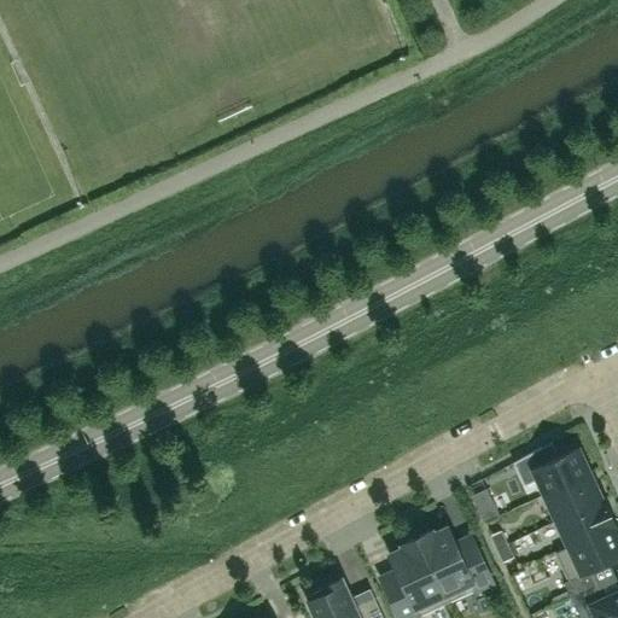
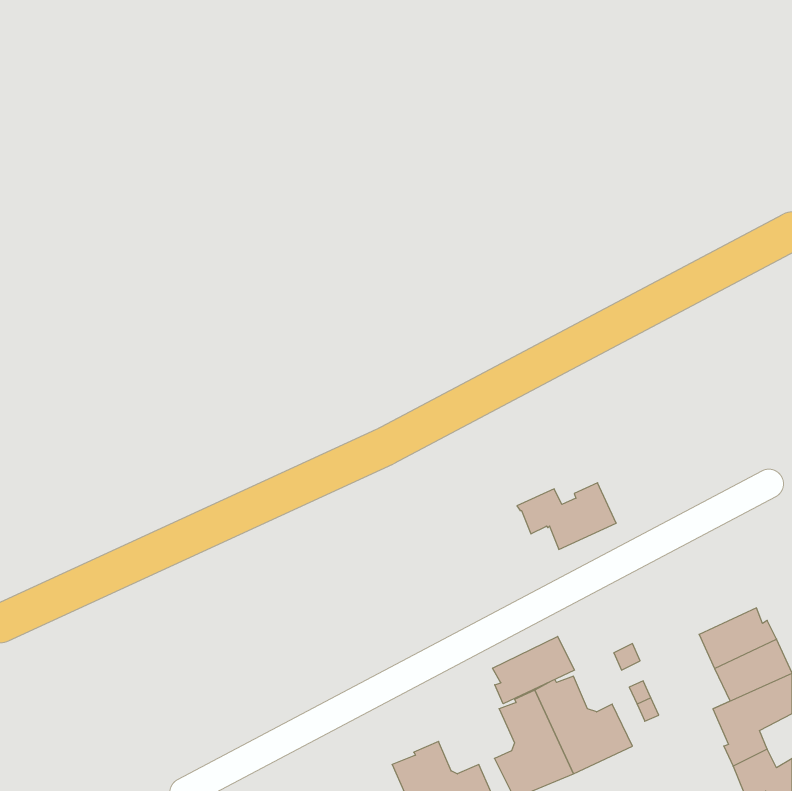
building: [512,443,589,495] -> [517,483,616,549]
building: none -> [493,636,574,704]

